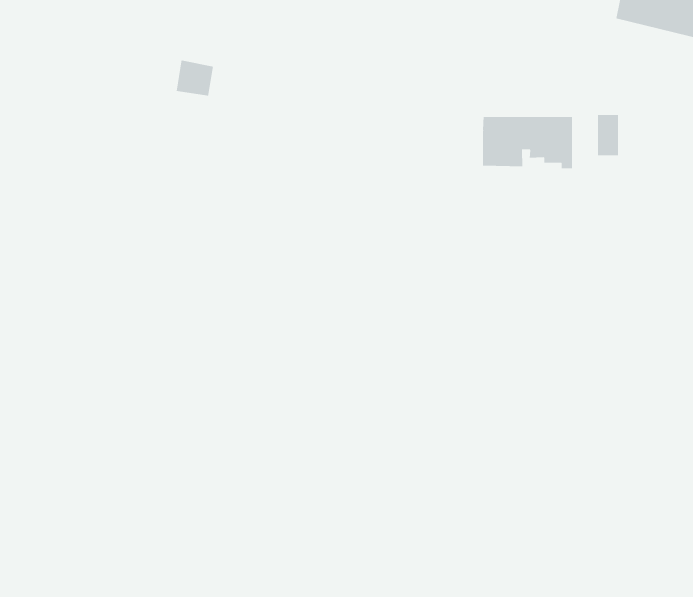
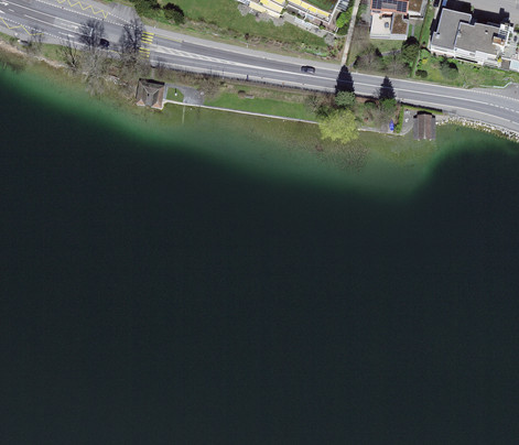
building: [483,116,573,169] -> none

